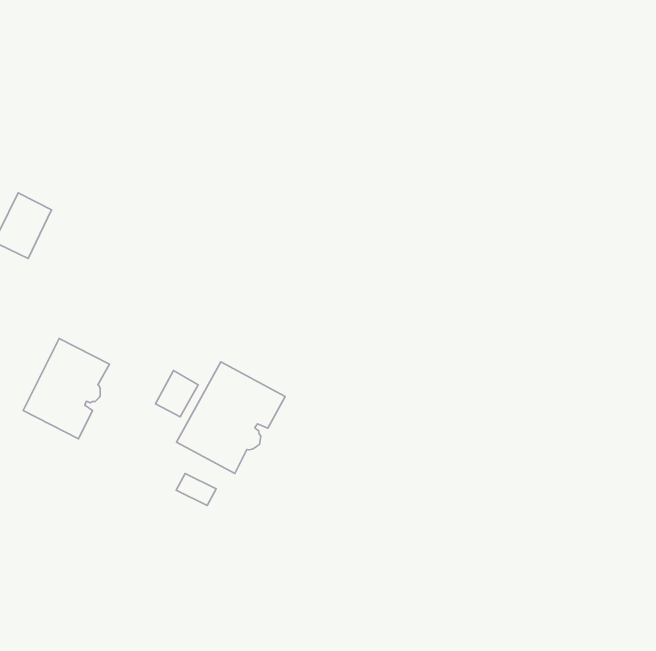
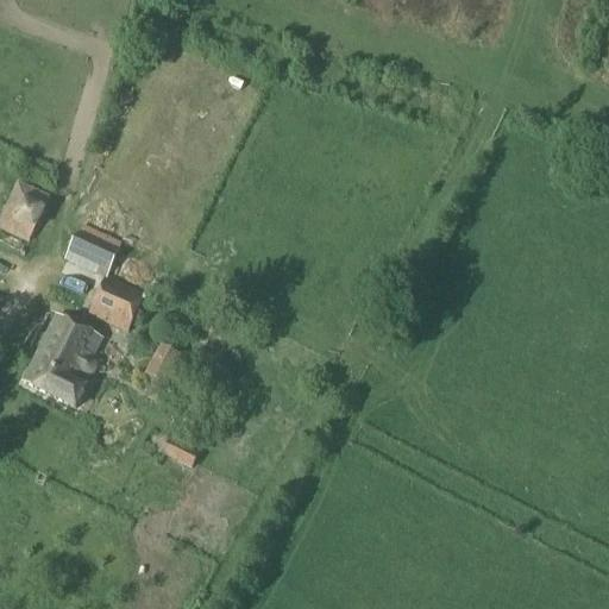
building: none -> [64,230,144,329]
building: [177,362,285,474] -> none

